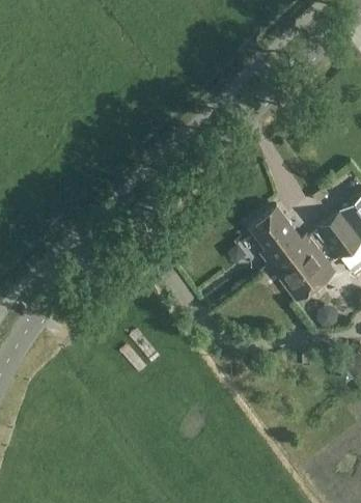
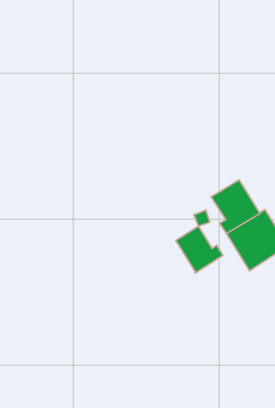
building: none -> [176,226,223,273]

